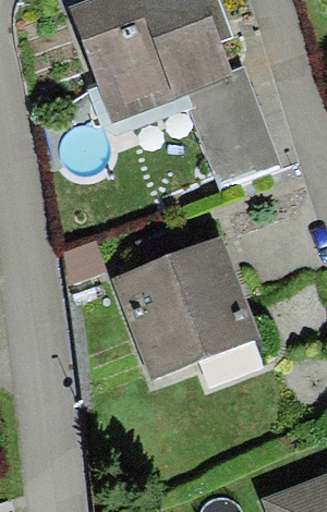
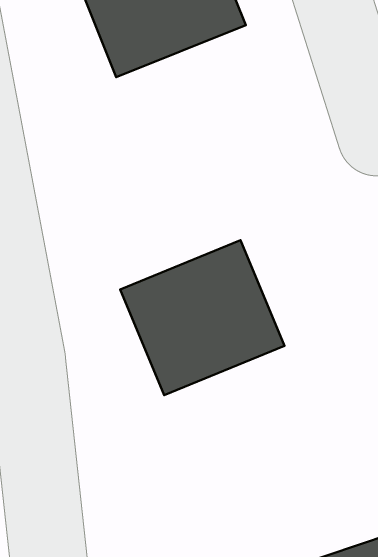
building: [199,78,289,184] -> none

